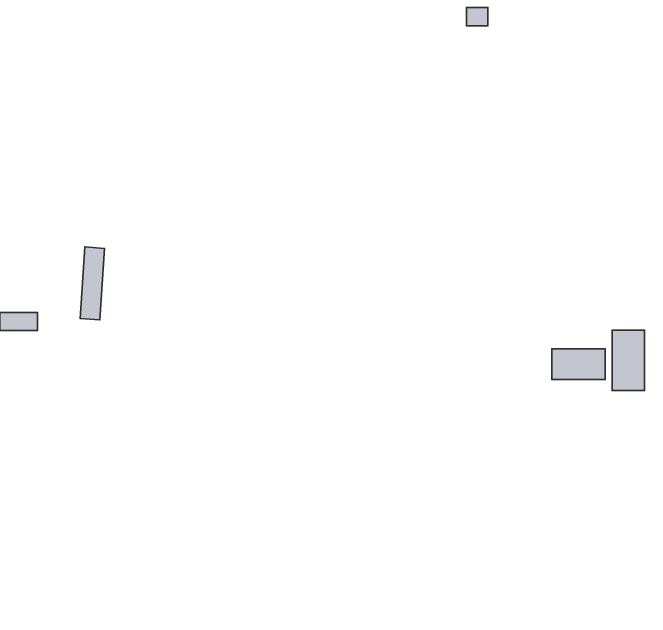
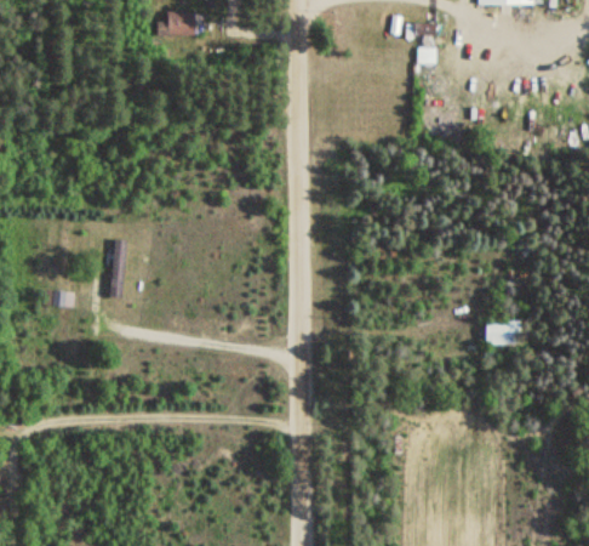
building: [612,330,644,390] -> none

